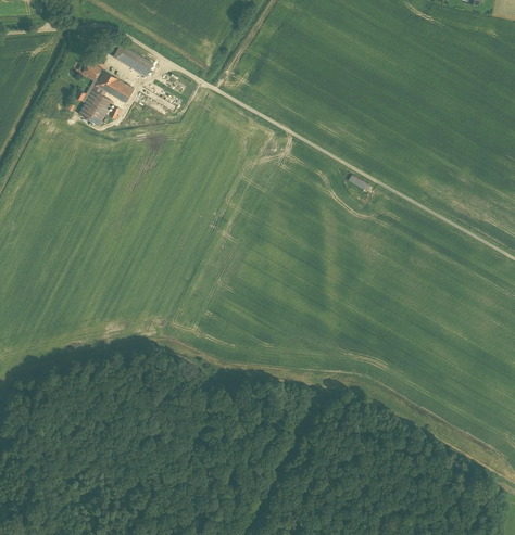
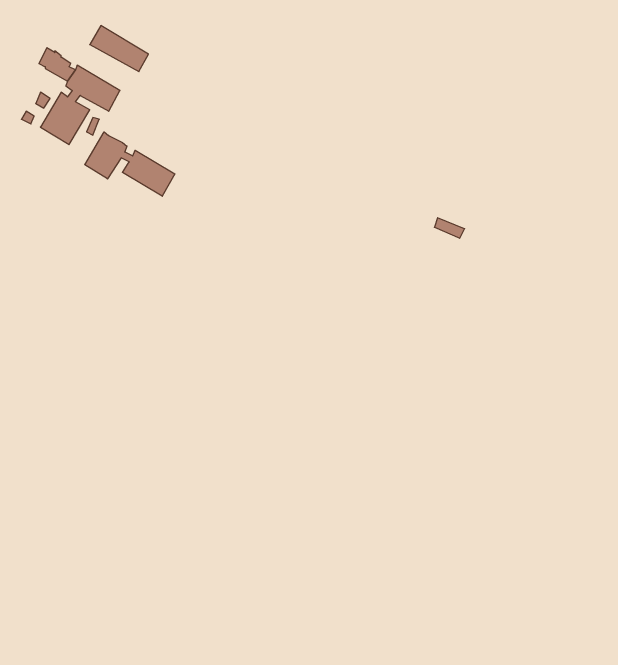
building: none -> [85,132,175,196]

